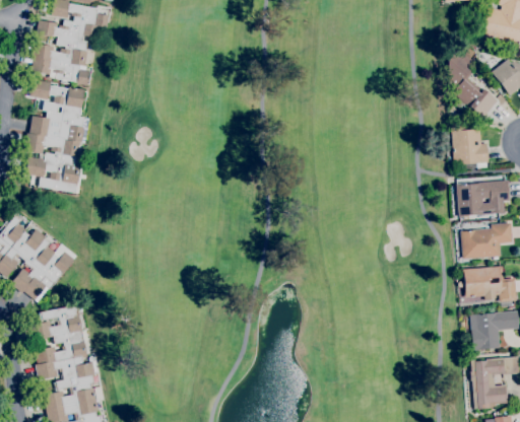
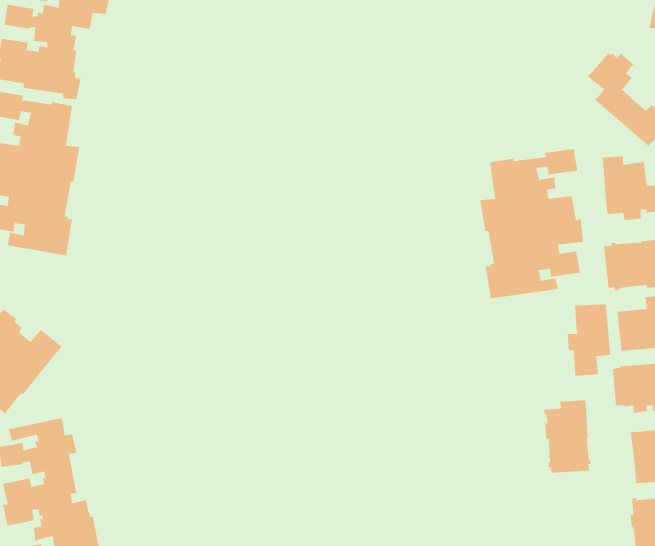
building: none -> [480,148,583,299]
building: none -> [567,303,611,377]
building: none -> [544,400,591,473]

